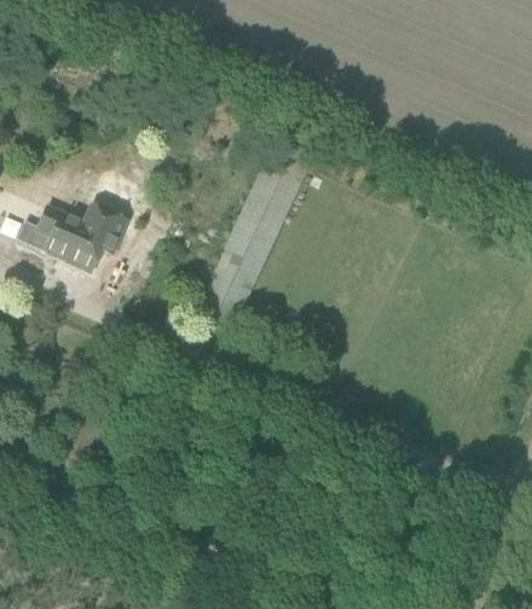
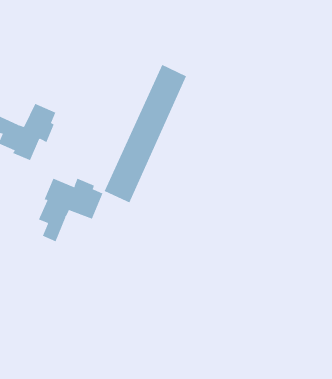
building: none -> [38,178,103,242]

